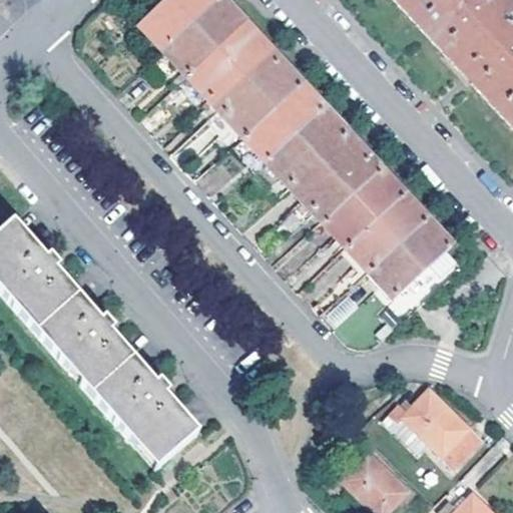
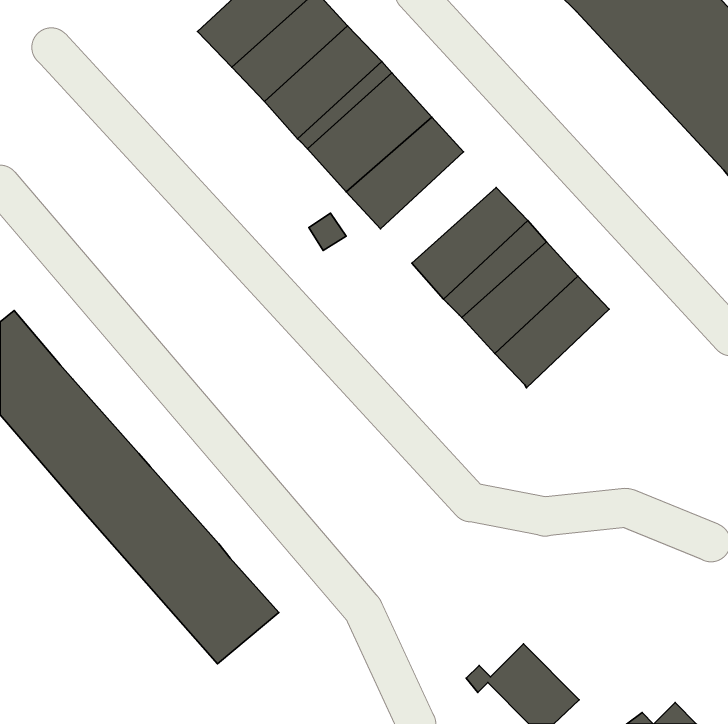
building: [269,106,350,184] -> none
building: [371,216,453,298] -> none
building: [390,389,481,464] -> none

